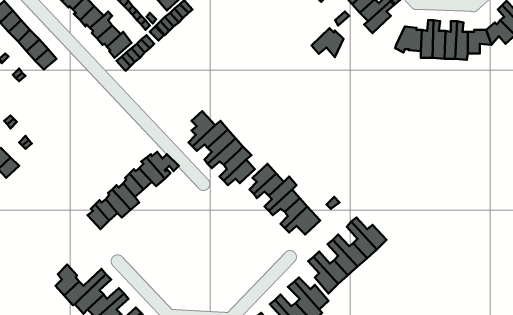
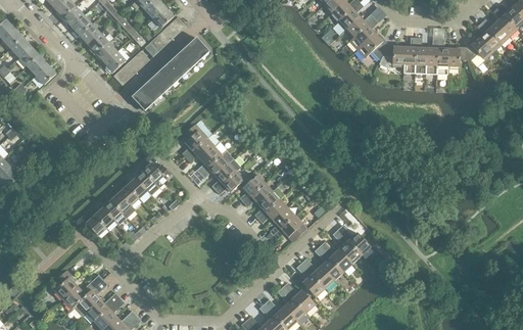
building: none -> [131,38,208,111]
building: [311,28,343,57] -> [356,34,387,61]

